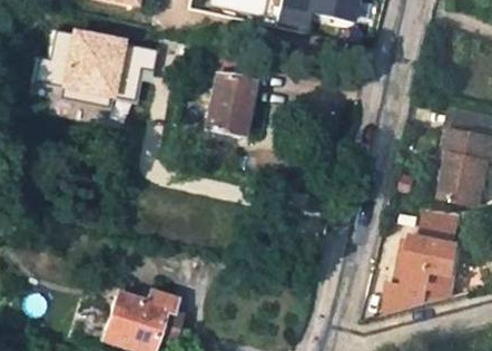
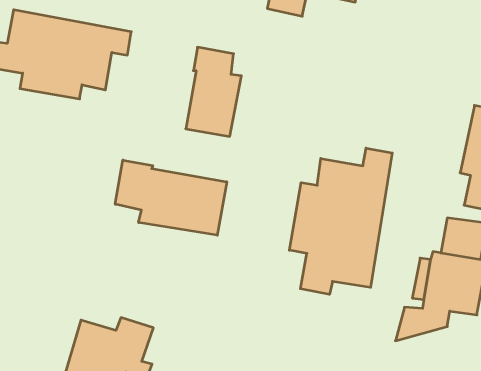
building: none -> [289,148,392,294]
building: none -> [115,160,227,235]

